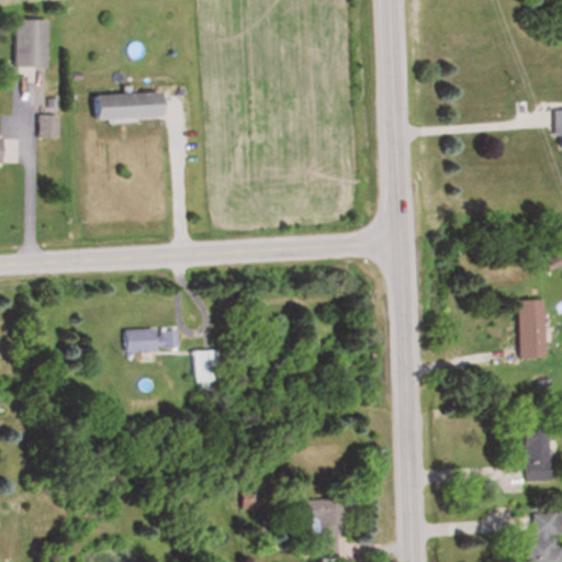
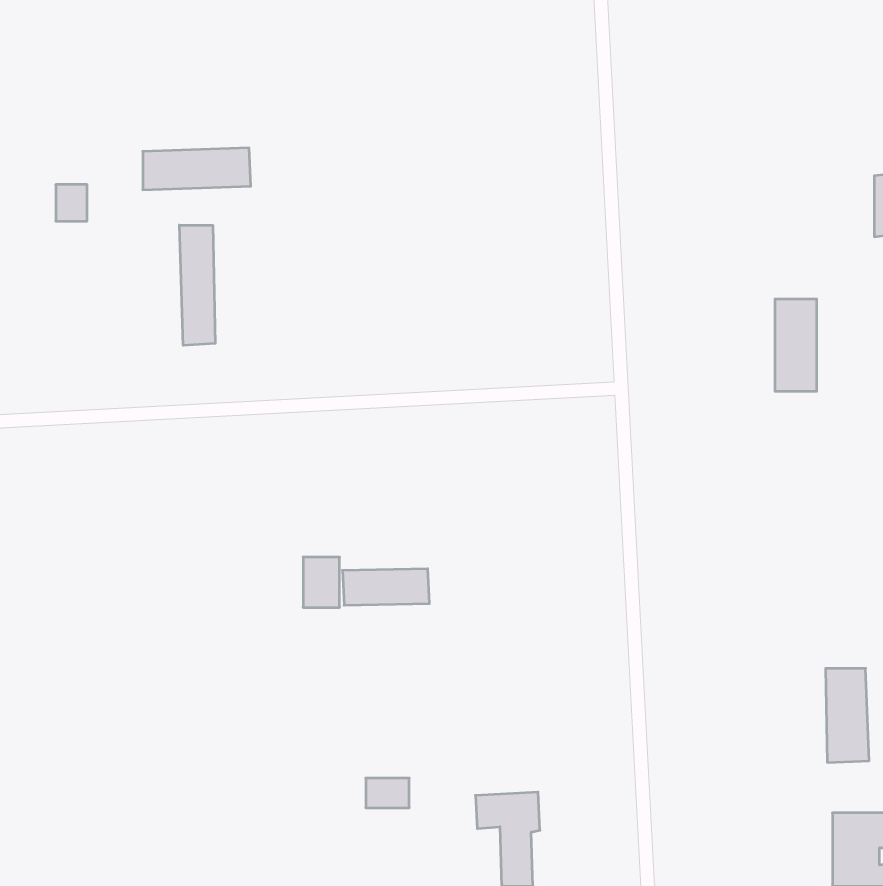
building: [16,19,48,68] -> none
building: none -> [179,225,215,345]
building: [519,300,546,358] -> [775,299,817,391]
building: [126,328,181,351] -> [342,569,429,605]

